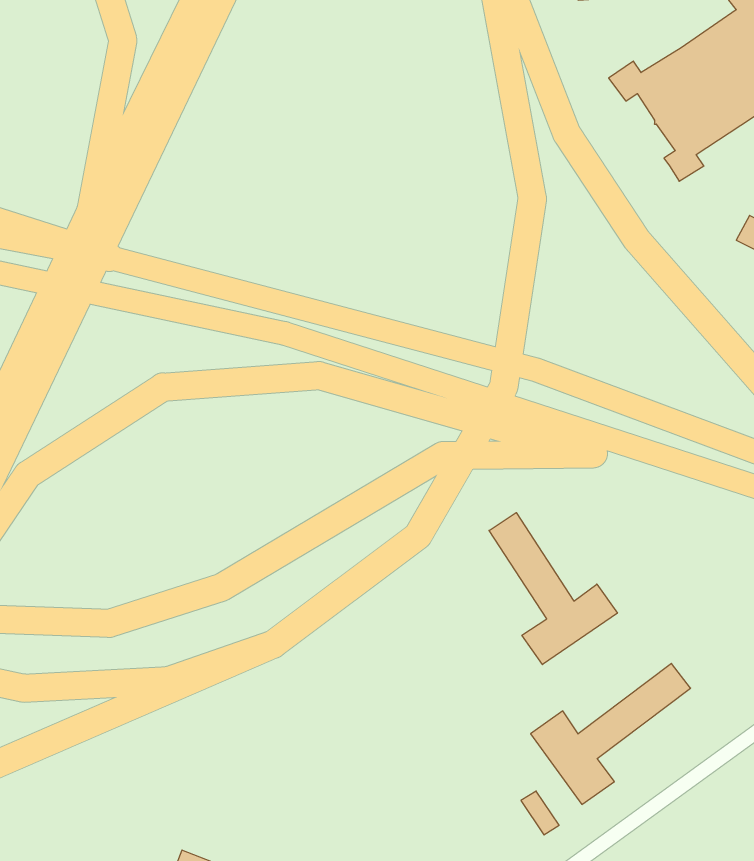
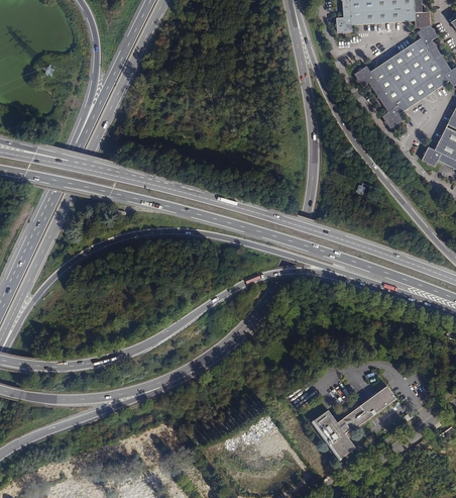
building: [489,513,617,665] -> none

